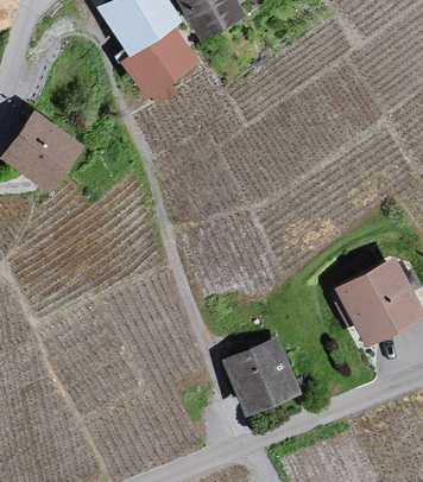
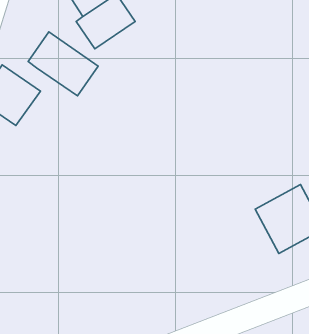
building: none -> [28,32,98,96]
building: [228,342,297,411] -> none

